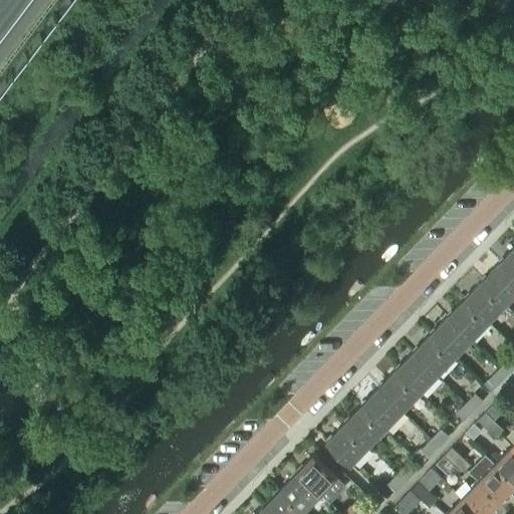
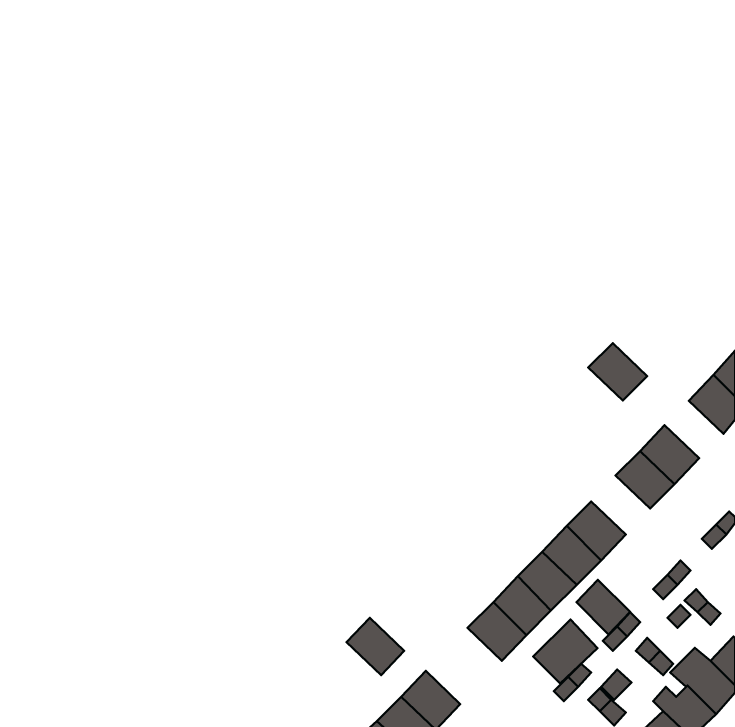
building: [464,285,505,325] -> [588,343,647,401]
building: [413,337,454,378] -> none
building: none -> [576,580,630,634]
building: none -> [533,620,597,684]
building: [297,457,337,497] -> [347,618,404,675]

